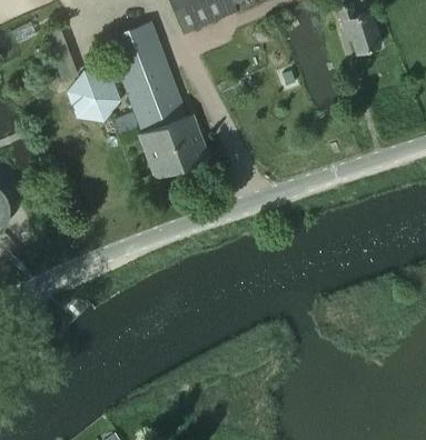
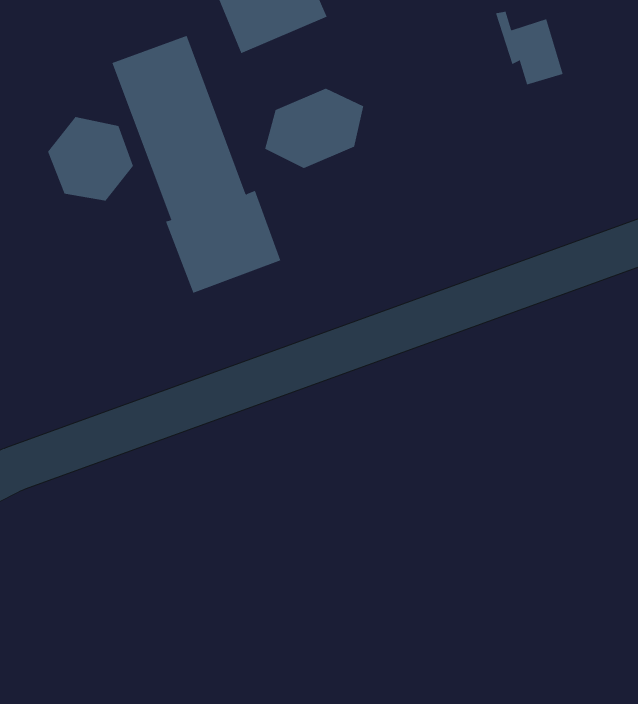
building: none -> [265,88,364,169]

